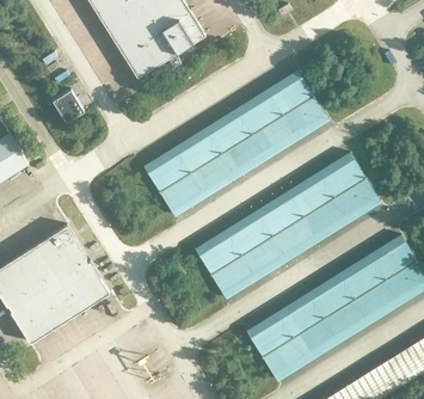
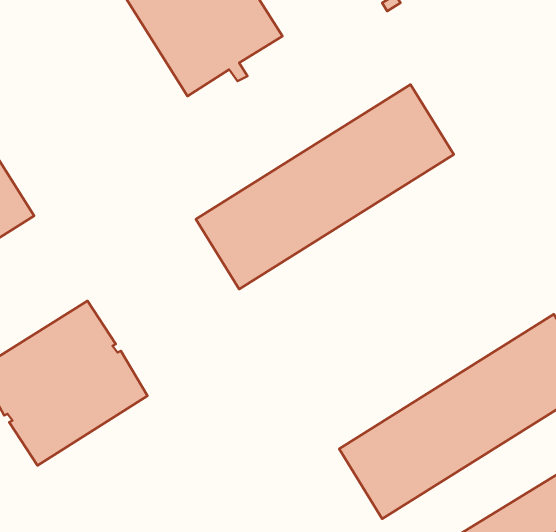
building: [54,90,85,122] -> none
building: [196,152,381,299] -> none

